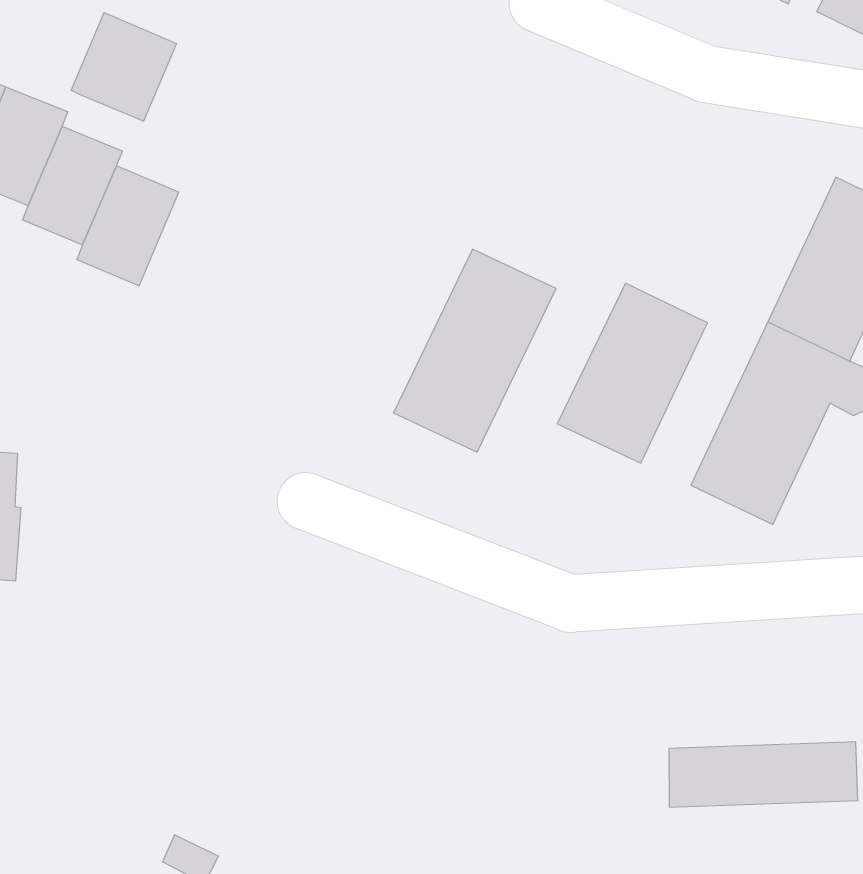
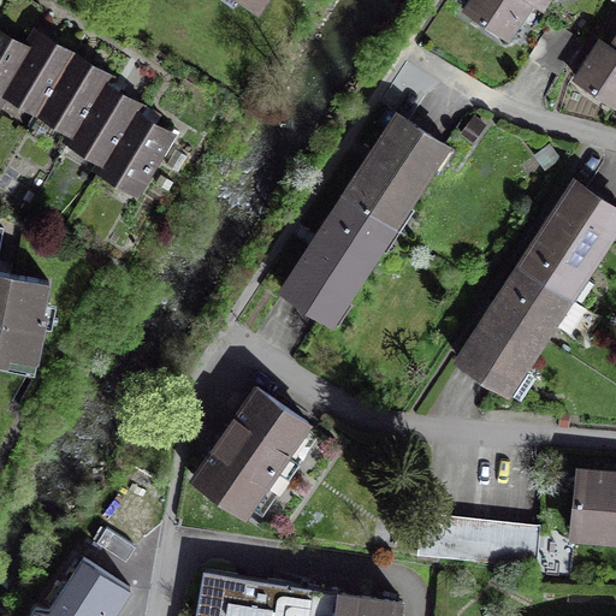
building: [71,13,176,121] -> none
building: [557,283,707,463] -> [345,117,446,229]
building: none -> [194,389,308,515]

